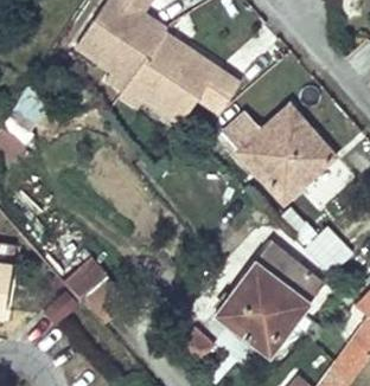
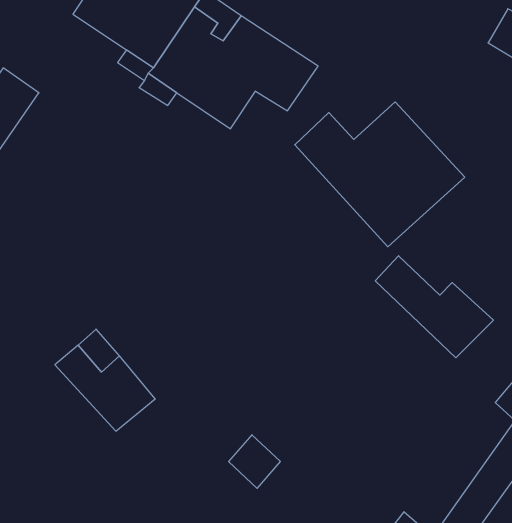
building: [215,240,325,355] -> none

